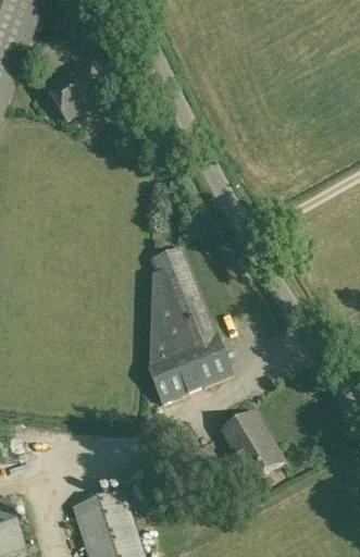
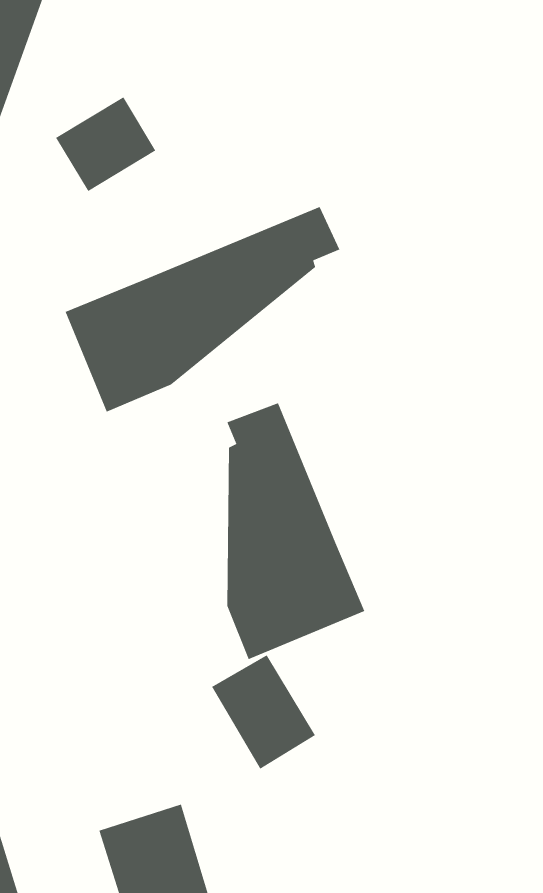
building: none -> [65,206,340,413]
building: [219,412,282,482] -> [211,654,316,769]

